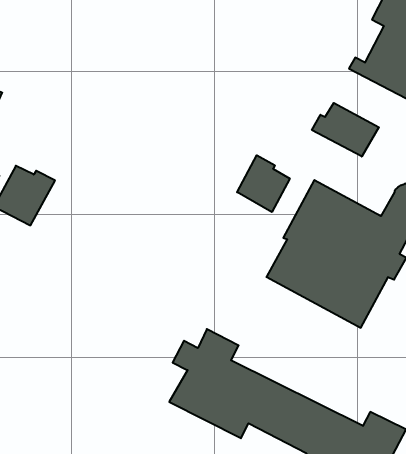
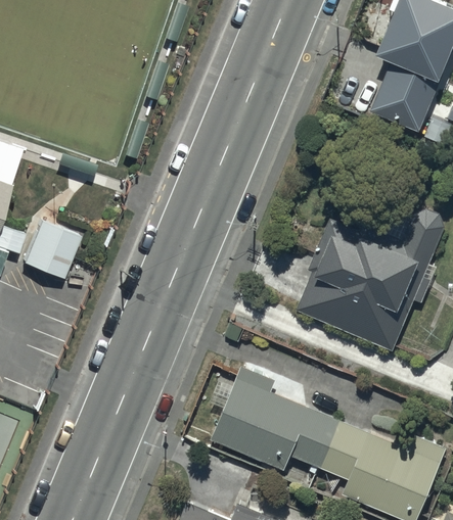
building: [312,103,379,157] -> none
building: [237,155,290,212] -> none

